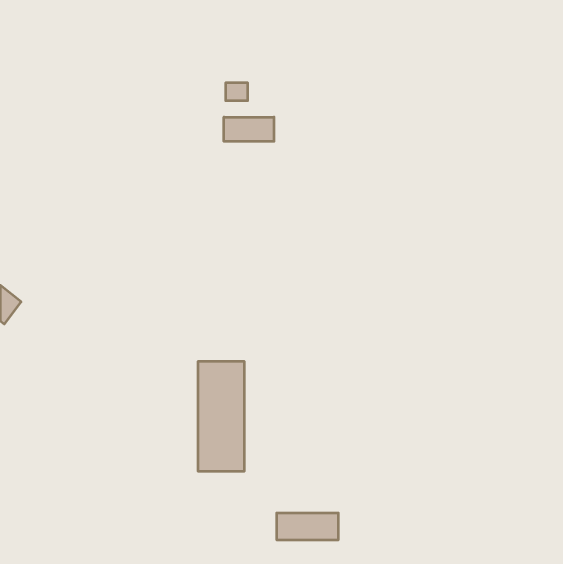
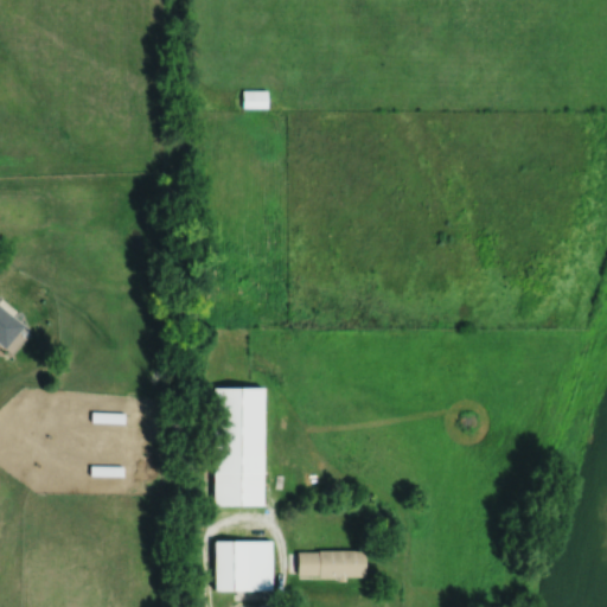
building: [224,117,274,141] -> none
building: none -> [216,542,273,592]

